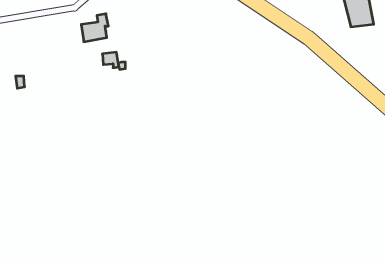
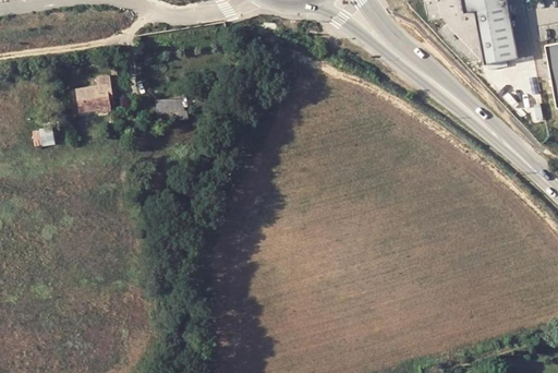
building: [81,14,108,42] -> [76,75,112,112]

